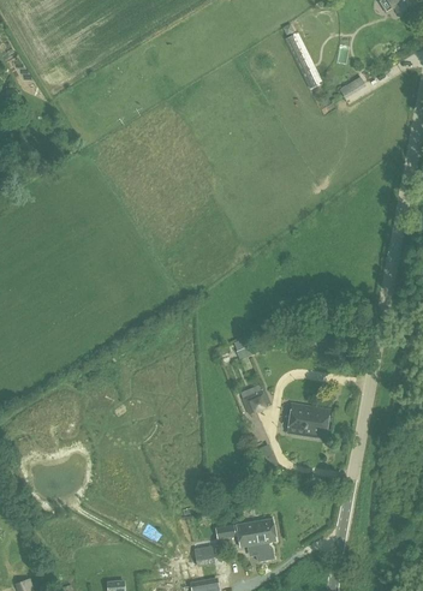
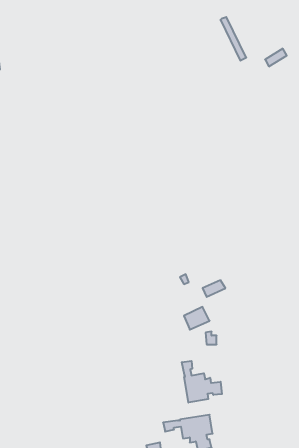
building: [287,402,329,437] -> none
building: none -> [182,361,222,403]

